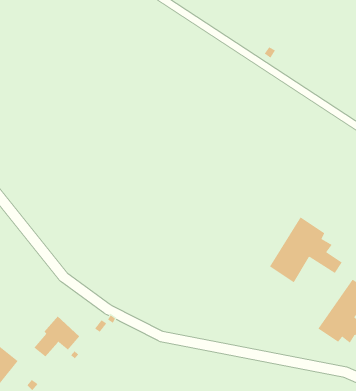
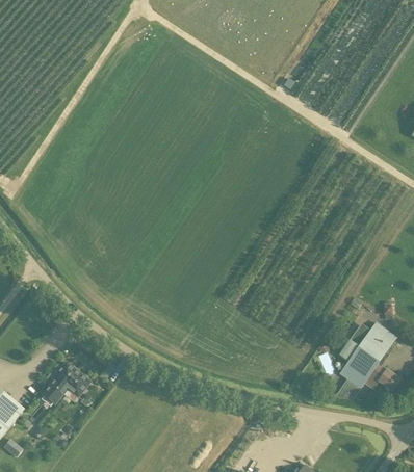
building: [269,217,343,283] -> none

